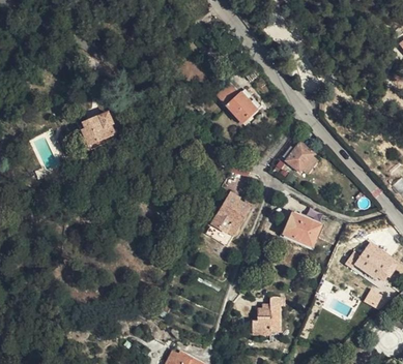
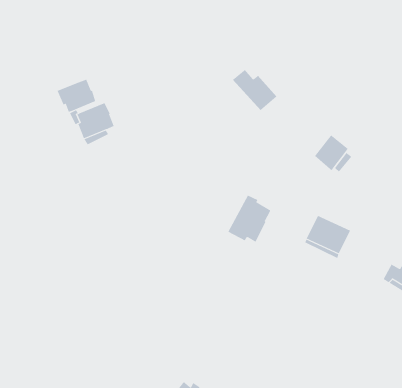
building: none -> [57,79,96,112]
building: [253,305,279,336] -> none

